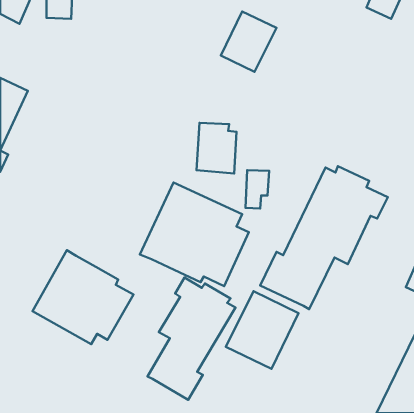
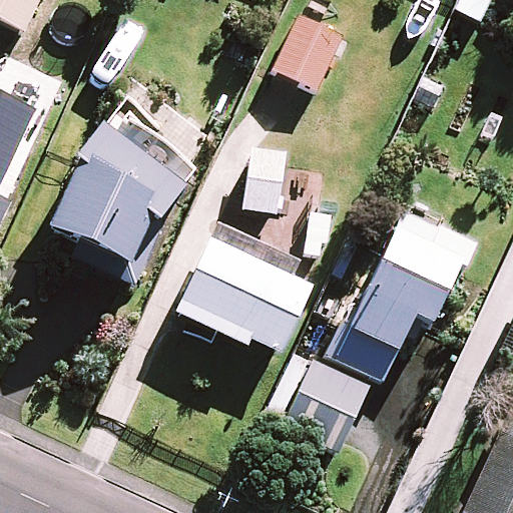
building: none -> [46,94,197,288]
building: [33,250,134,344] -> none
building: [147,278,236,400] -> none

